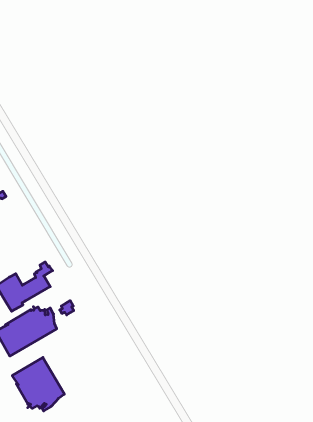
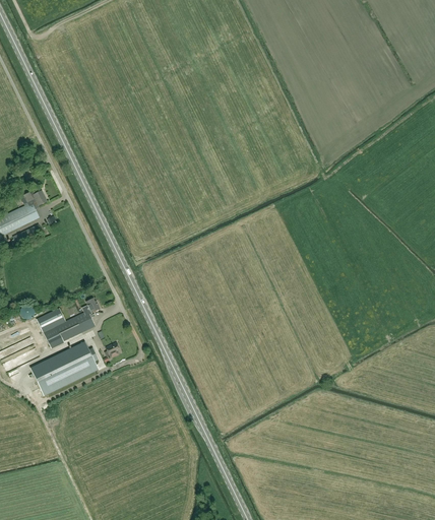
building: [12,357,64,411] -> none

